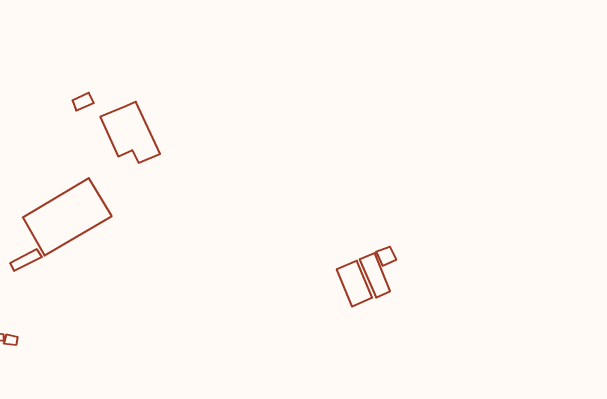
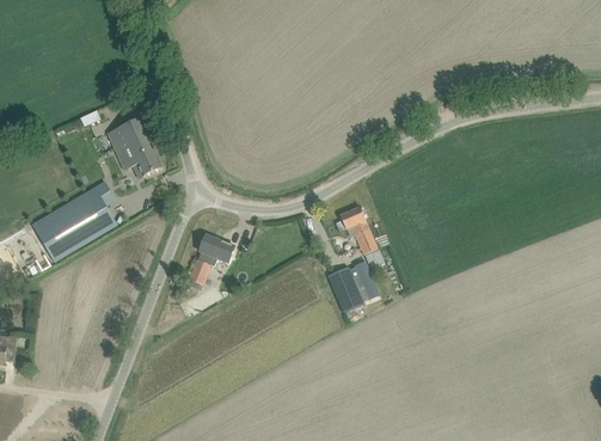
building: none -> [335,204,376,252]
building: none -> [188,234,225,283]

